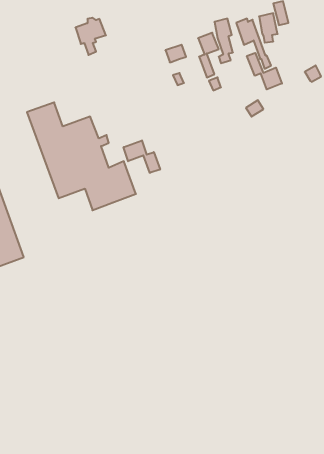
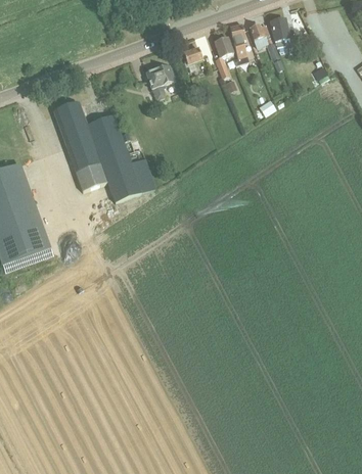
building: [75,18,106,55] -> [146,63,175,98]
building: [247,53,282,89] -> none
building: [124,140,160,173] -> none

